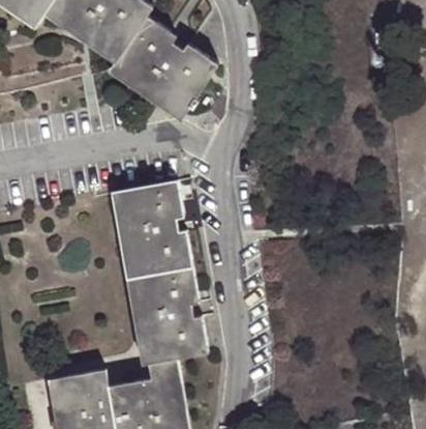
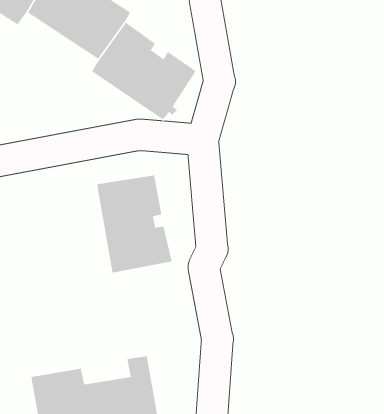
building: [130,263,204,360] -> none

